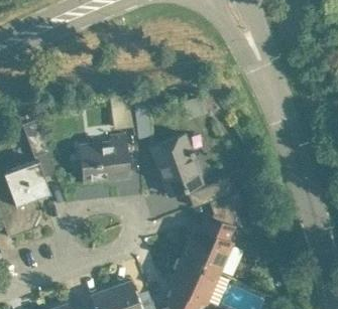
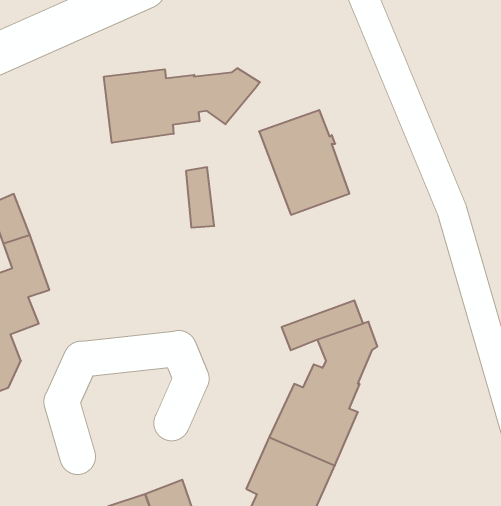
building: none -> [104,68,260,143]
building: [80,134,130,183] -> none
building: [150,136,202,195] -> [259,110,349,215]

